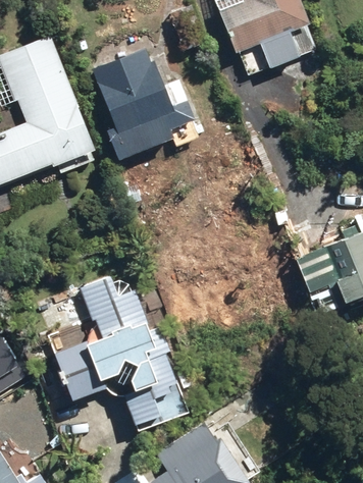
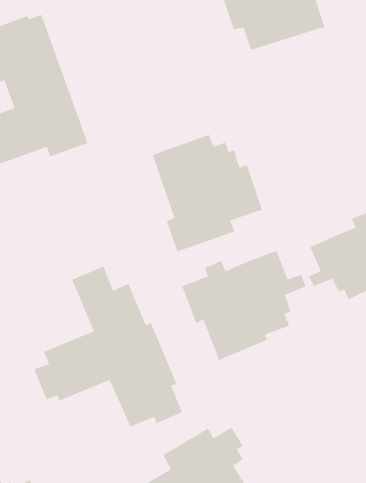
building: [93,50,197,161] -> [152,134,263,253]
building: none -> [181,250,306,361]

